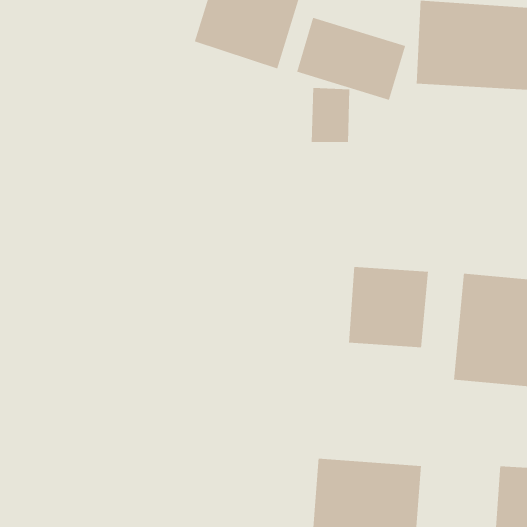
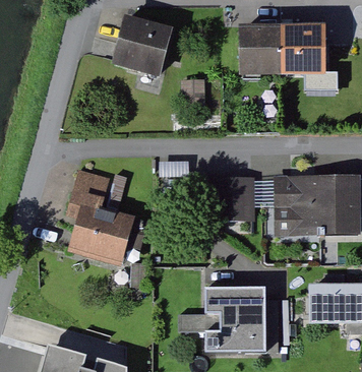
building: [296,17,406,101] -> none
building: none -> [70,171,137,268]

